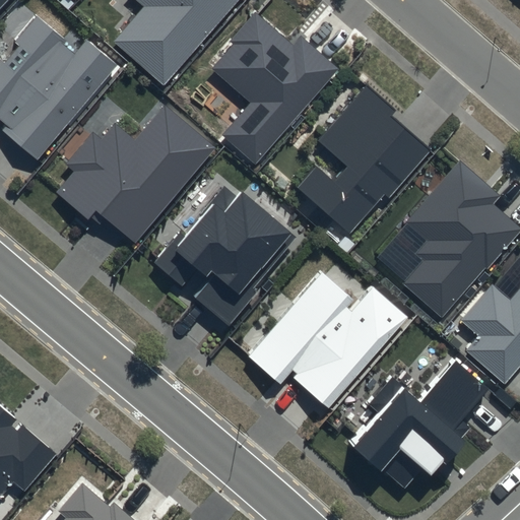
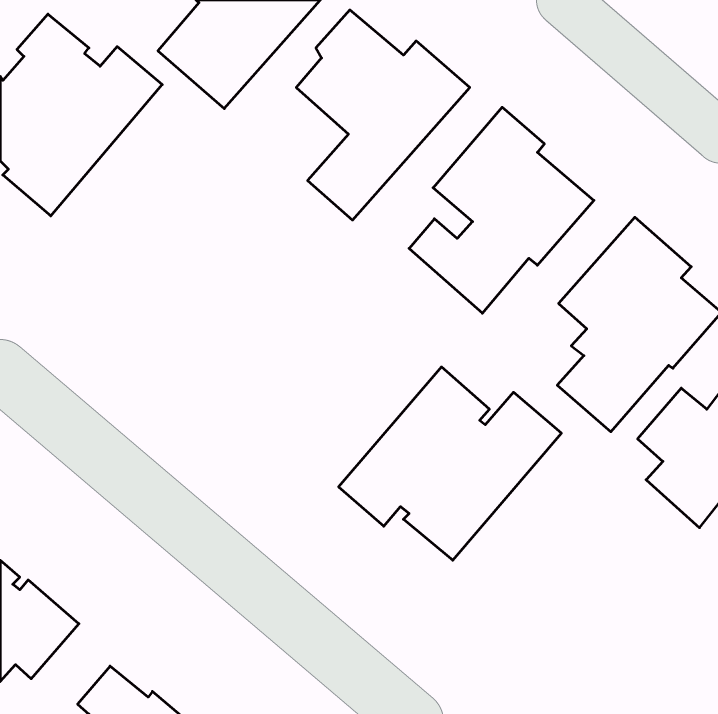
building: [59,109,212,243] -> none
building: [151,186,285,321] -> none
building: [348,359,483,484] -> none

